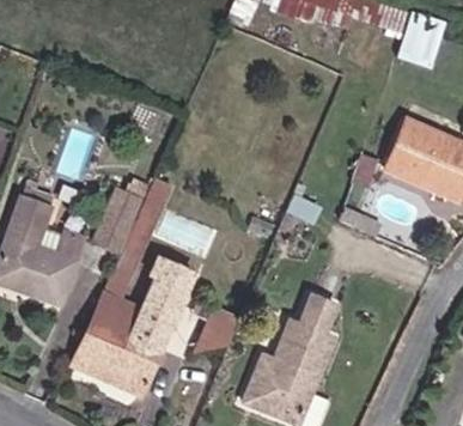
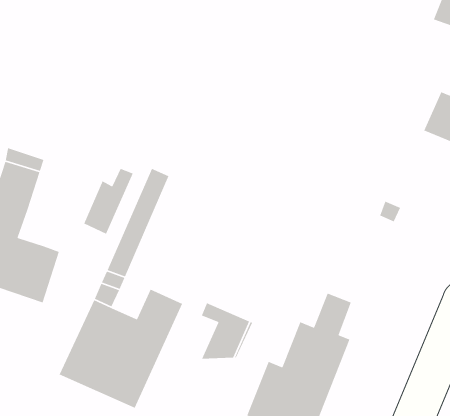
building: [153,260,197,306] -> none

